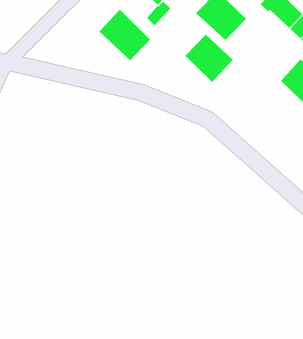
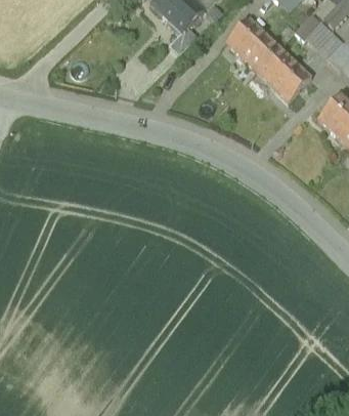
building: [99,9,151,61] -> none
building: [185,34,234,83] -> [257,47,311,101]

